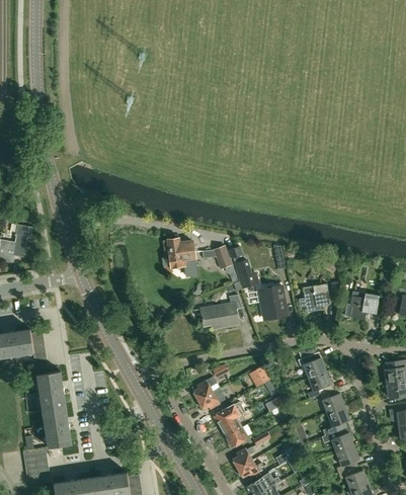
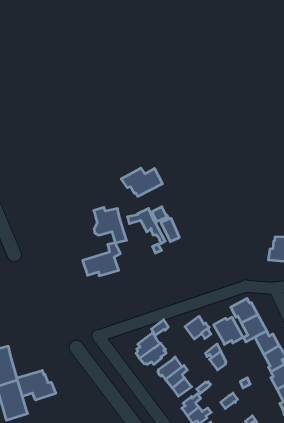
building: none -> [121,168,162,196]
building: [298,284,329,313] -> none
building: [260,286,283,318] -> none
building: [200,296,241,328] -> [83,243,120,276]
building: none -> [214,317,243,345]
building: none -> [17,370,56,400]

